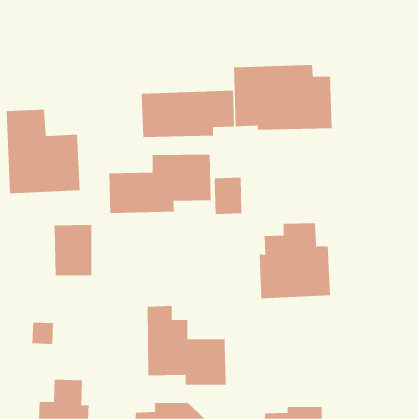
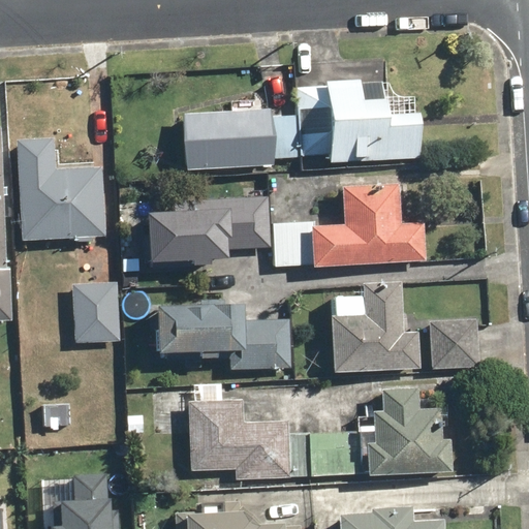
building: none -> [311,183,427,269]
building: none -> [152,301,291,369]
building: none -> [429,318,478,369]
building: none -> [353,391,449,474]
building: none -> [288,429,357,476]

